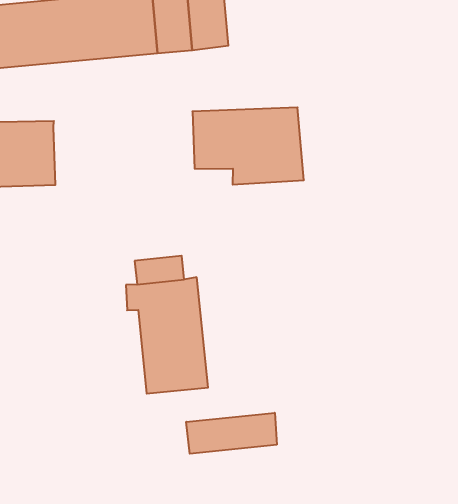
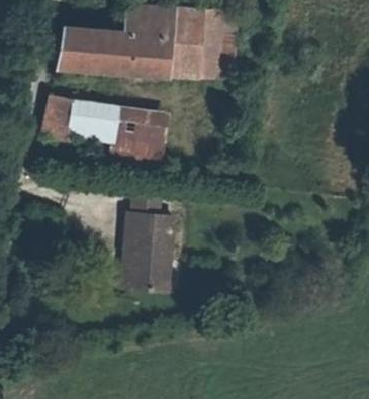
building: [192,107,304,185] -> [93,107,165,163]
building: [186,413,277,454] -> none

